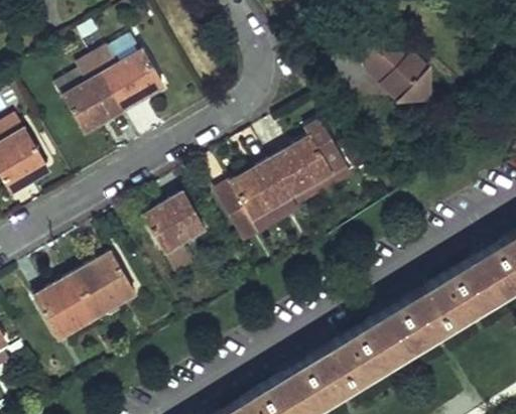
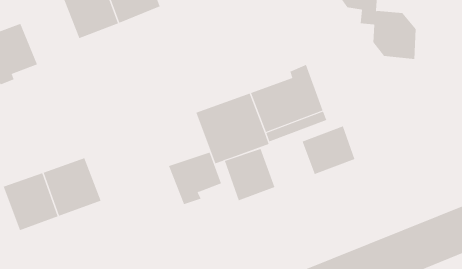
building: none -> [302,125,355,175]
building: [144,195,202,254] -> [168,152,222,205]
building: none -> [224,148,275,201]

